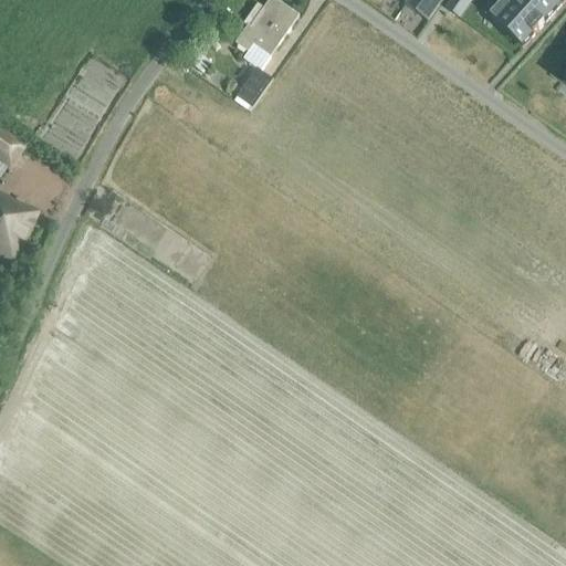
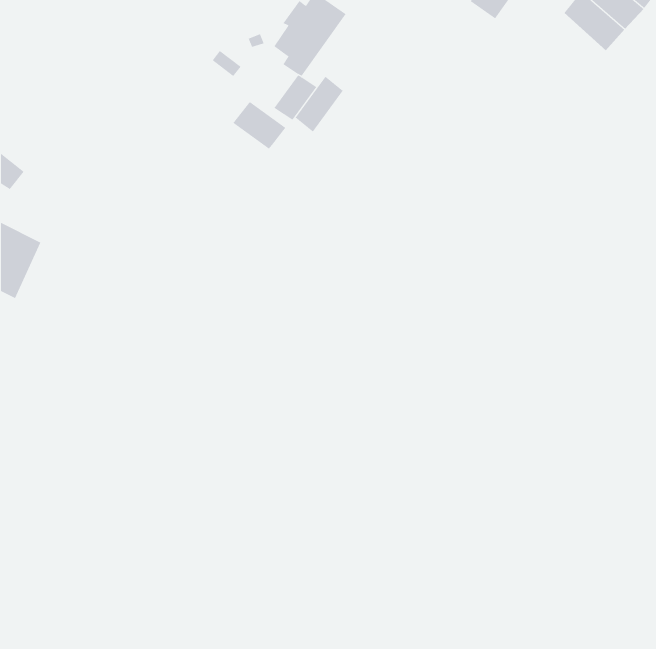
building: none -> [295,76,343,132]
building: none -> [233,101,286,150]

